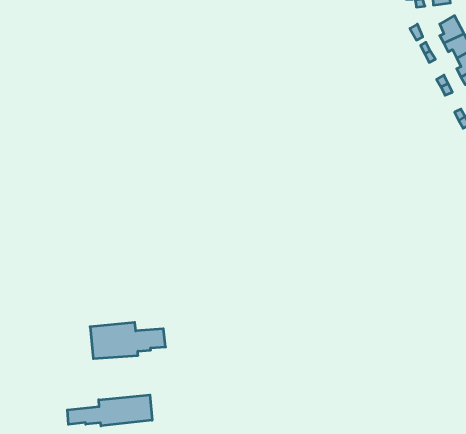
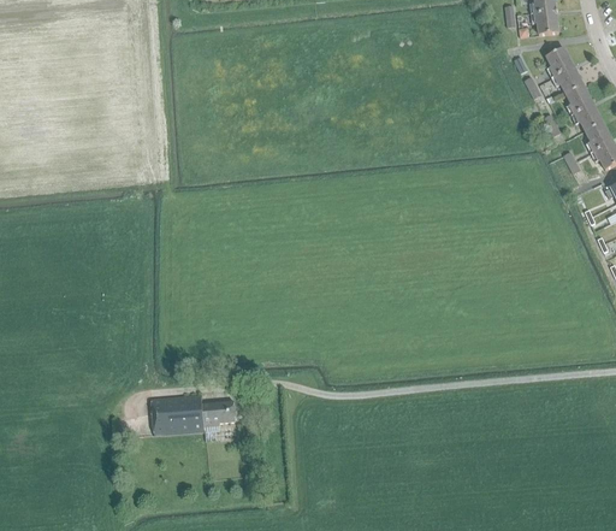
building: [67,395,152,426] -> none

